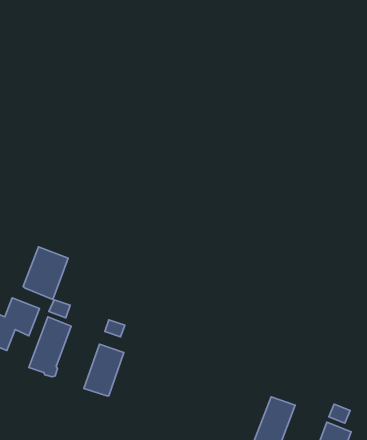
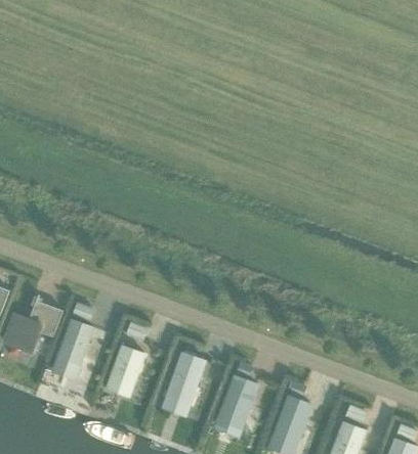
building: [23,247,68,299] -> none
building: none -> [161,353,204,417]
building: none -> [216,376,256,430]

